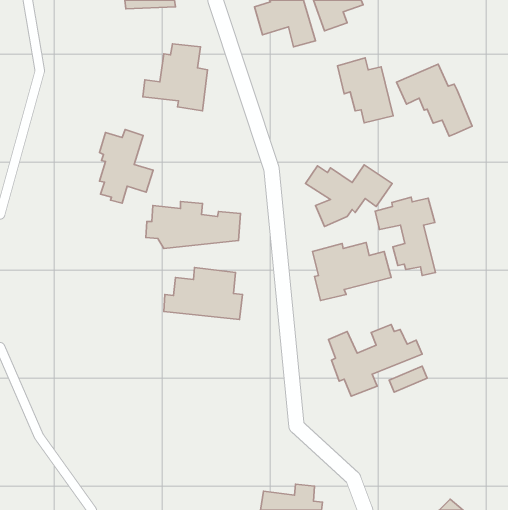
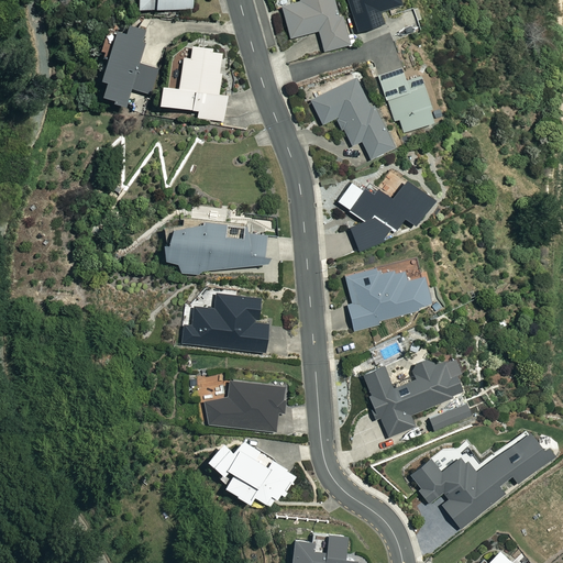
building: [396,64,472,136] -> [312,80,396,159]
building: [99,129,153,203] -> [100,25,159,107]
building: [375,197,435,276] -> none
building: none -> [206,380,288,432]
building: none -> [412,429,552,527]
building: none -> [206,441,296,509]

